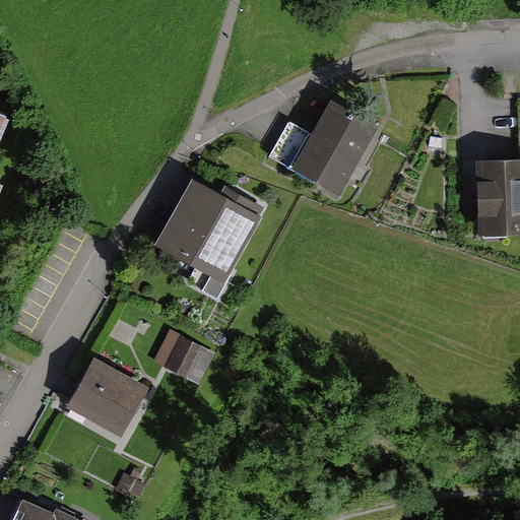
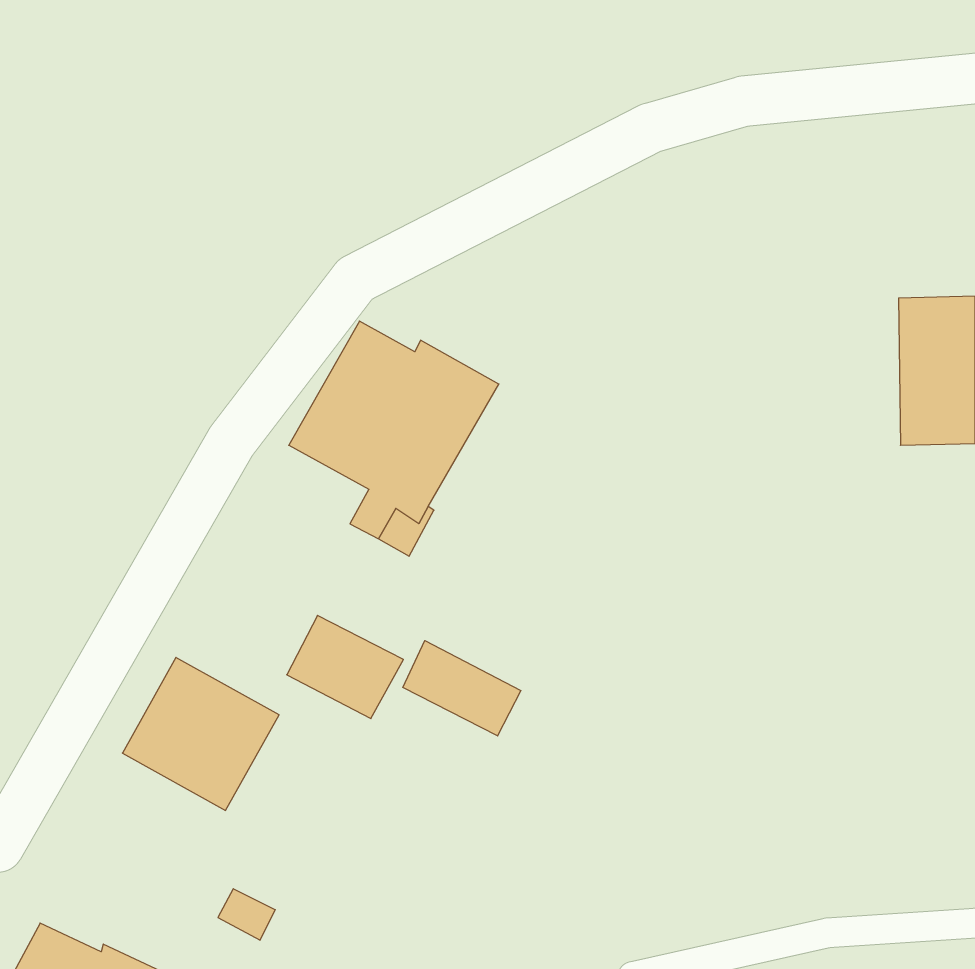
building: [271,99,386,204] -> none
building: none -> [403,641,521,736]

